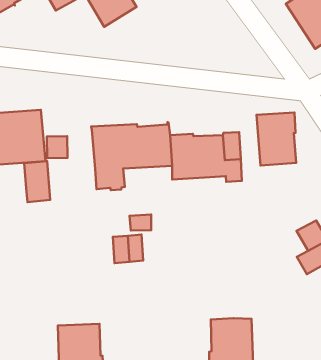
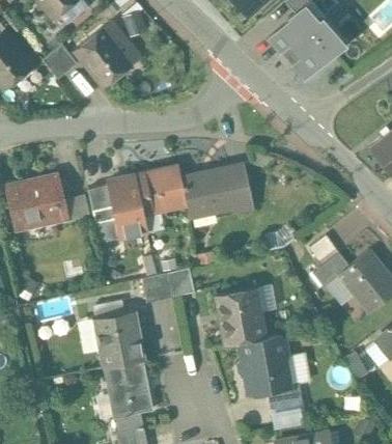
building: [257,112,296,166] -> none
building: [24,161,50,202] -> [87,184,116,224]
building: none -> [168,268,195,297]
building: none -> [216,287,264,344]
building: none -> [94,310,142,368]

